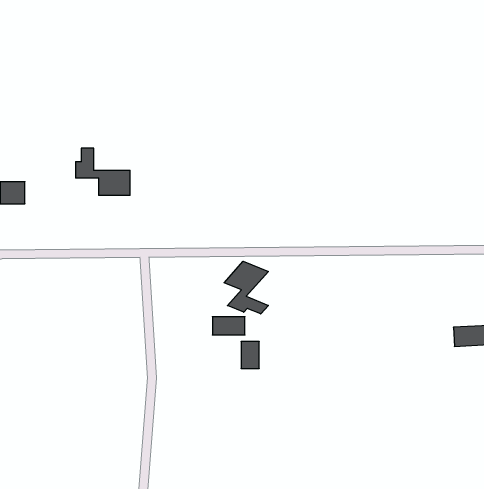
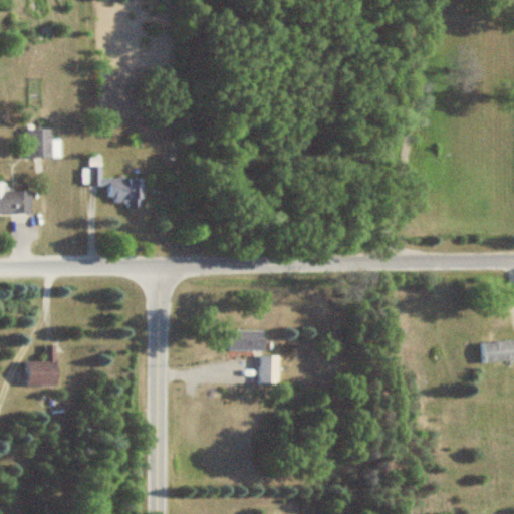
building: none -> [29,130,54,158]
building: [224,261,268,314] -> none
building: none -> [29,345,60,384]

